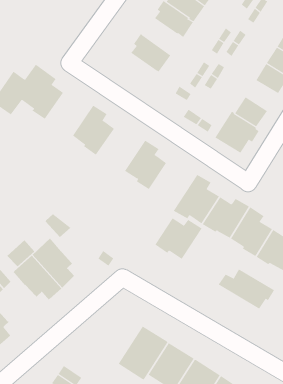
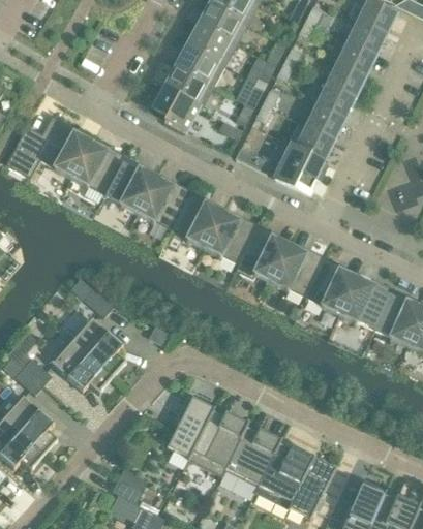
building: none -> [176,41,224,86]
building: none -> [150,85,198,130]
building: none -> [305,104,344,139]
building: none -> [70,144,125,193]
building: none -> [135,179,191,228]
building: [155,218,202,265] -> [203,214,258,270]
building: [6,240,35,267] -> none
building: [218,269,275,310] -> none
building: none -> [167,399,214,459]

